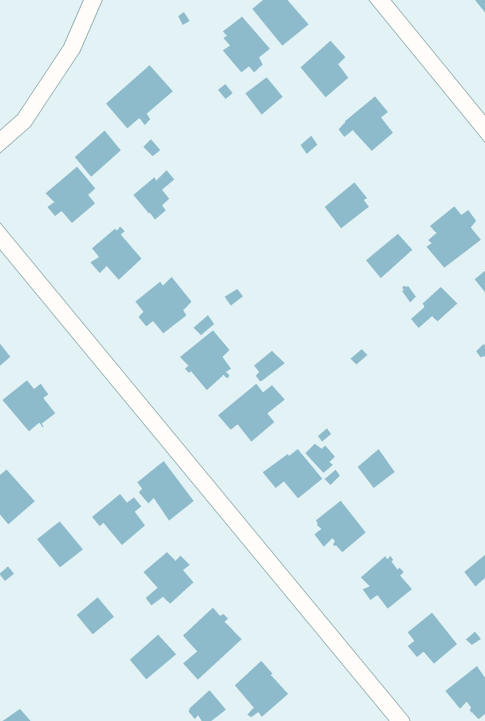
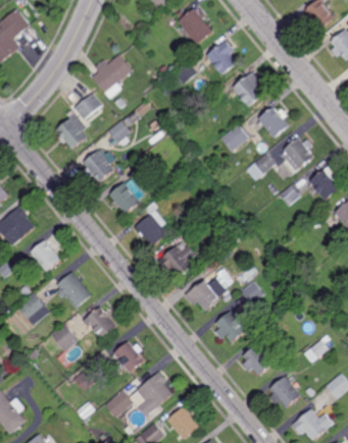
building: [222,15,271,74] -> none
building: none -> [255,105,288,137]
building: [136,460,195,522] -> [56,271,91,308]

